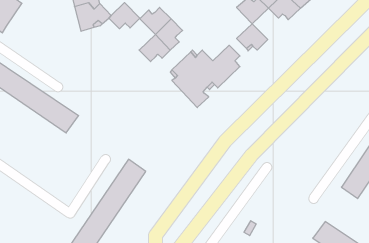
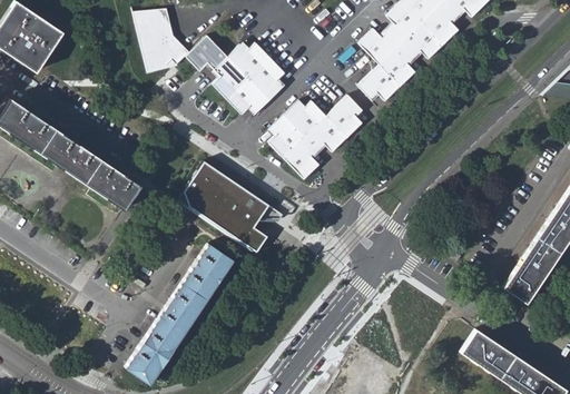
building: none -> [380,42,416,85]
building: none -> [210,56,248,99]
building: none -> [184,162,283,255]

